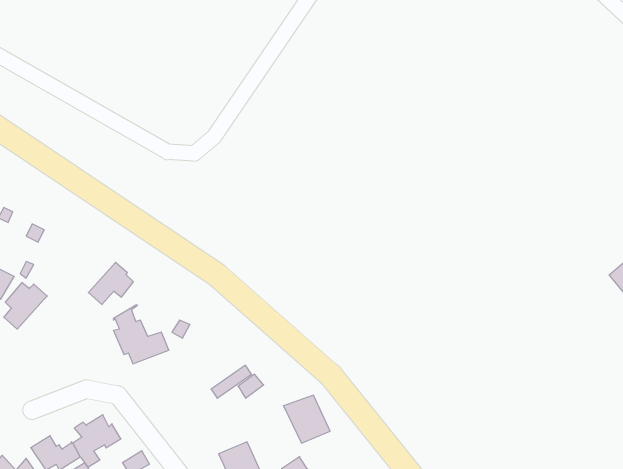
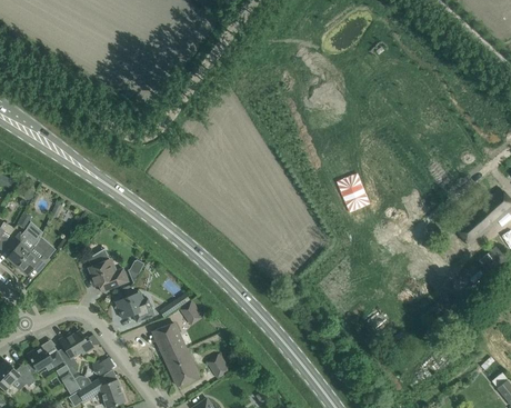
building: [88,262,133,305] -> [17,245,50,276]
building: none -> [114,293,154,322]
building: [283,395,330,443] -> [152,324,187,359]

